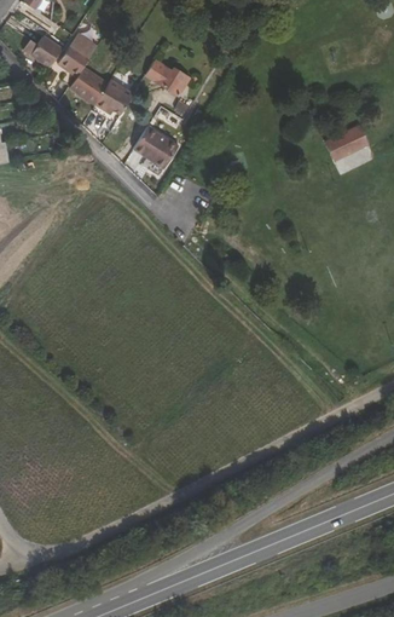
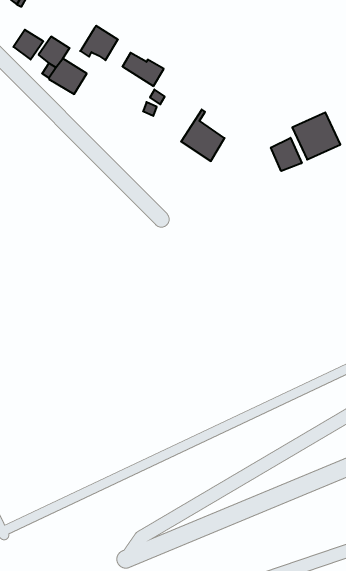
building: [94,77,134,114] -> [80,26,118,60]
building: [133,114,179,168] -> [181,109,225,161]
building: none -> [271,138,302,171]

